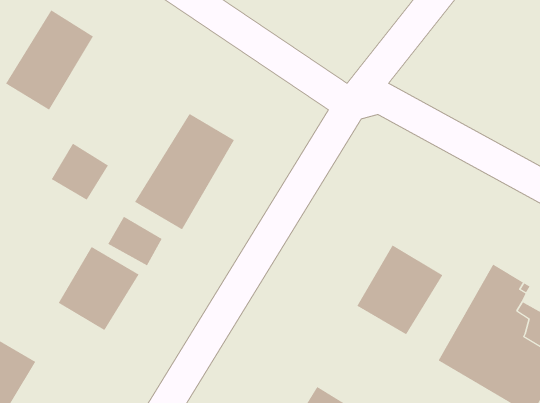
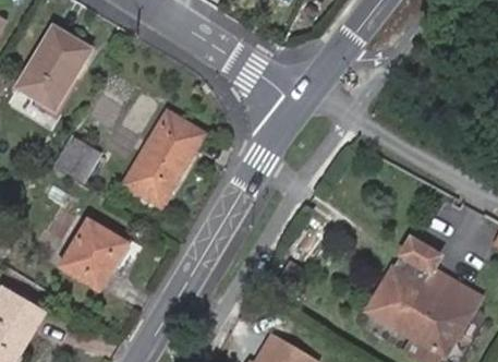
building: [107,216,162,266] -> none
building: [356,245,443,335] -> none

